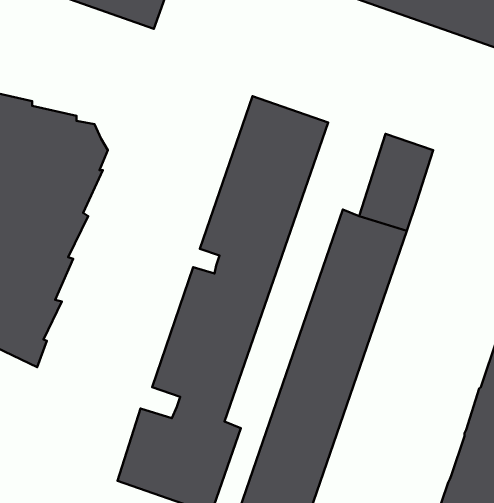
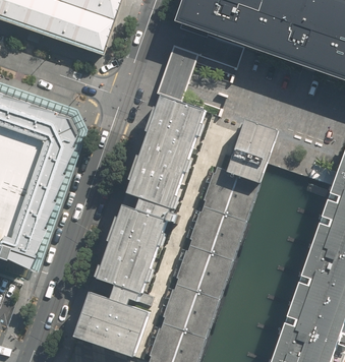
building: none -> [155,48,196,102]

